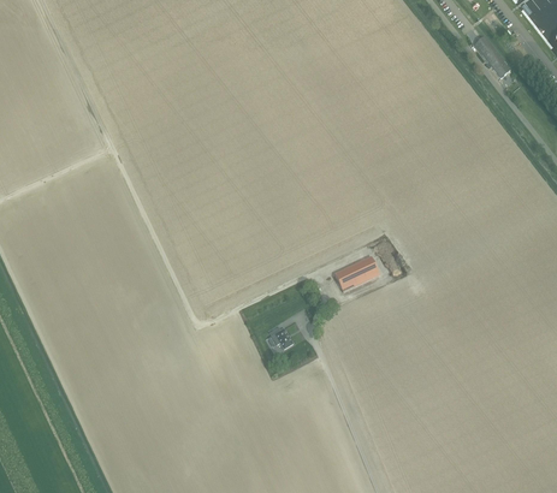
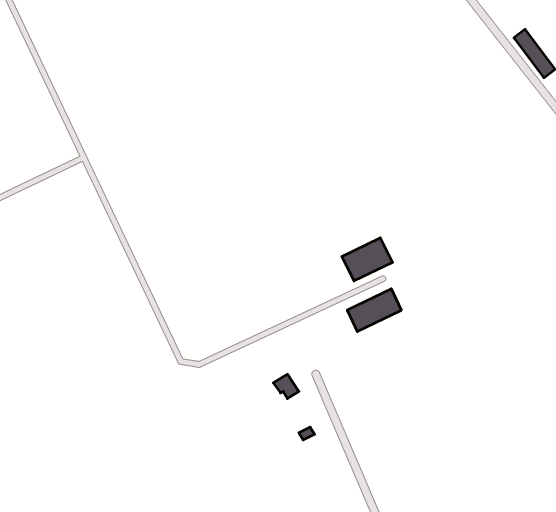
building: none -> [342,238,393,281]

